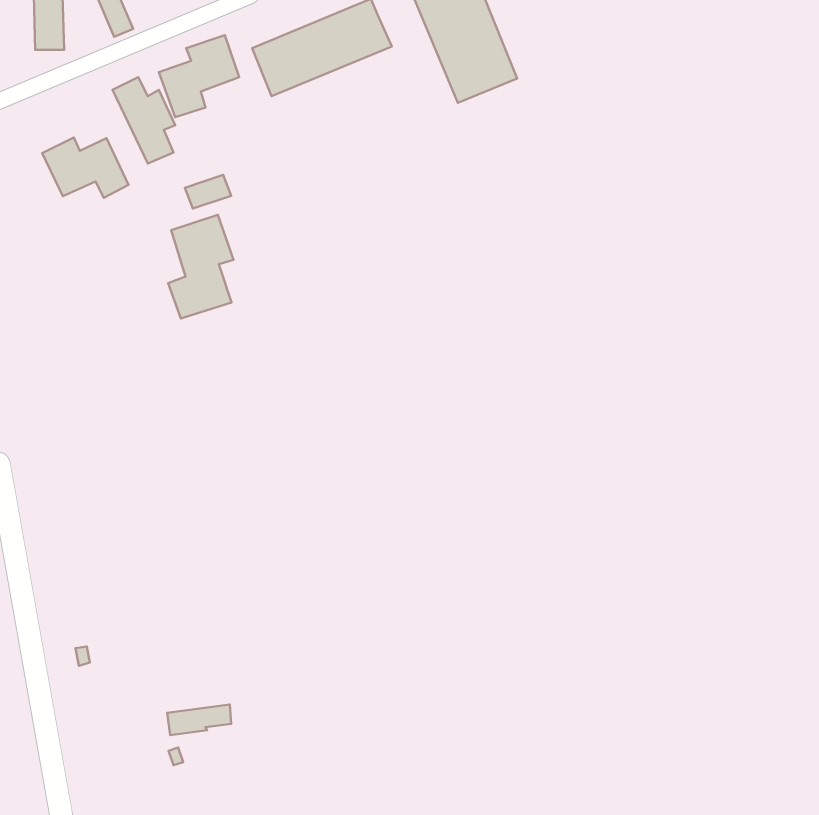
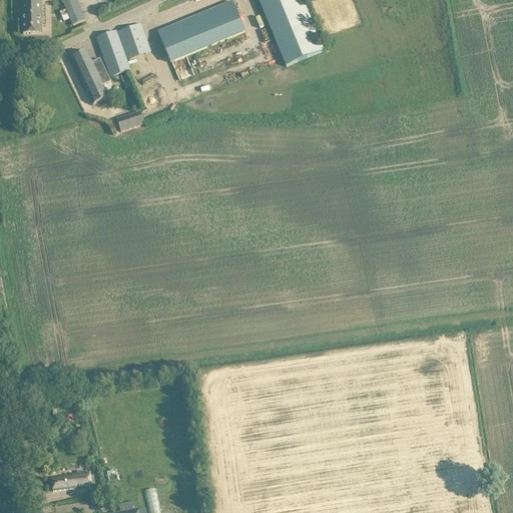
building: [42,137,128,198] -> none
building: [168,215,234,319] -> none
building: [167,705,231,735] -> [50,470,90,489]

